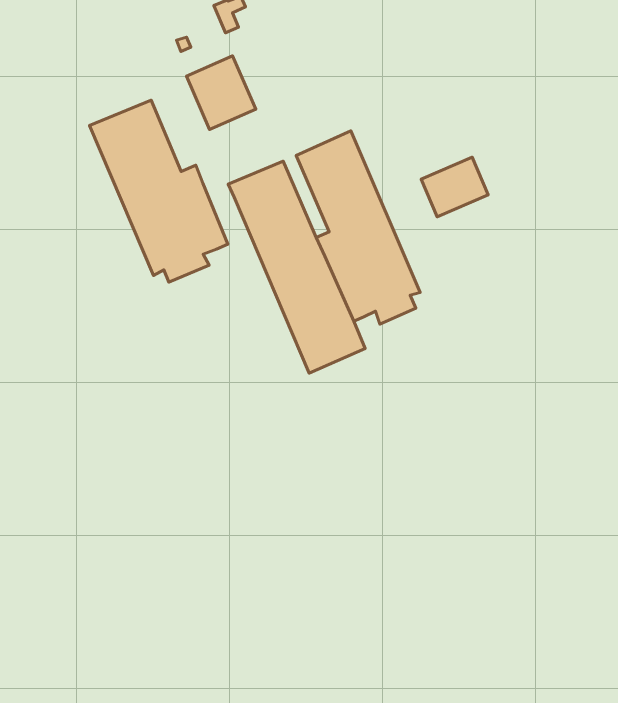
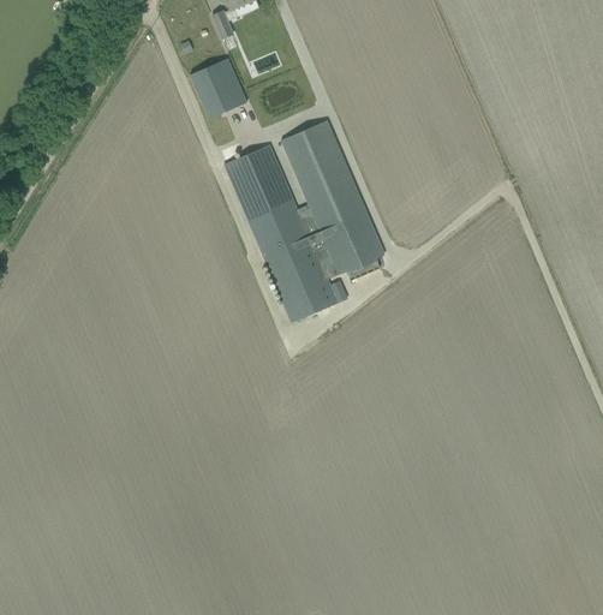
building: [89,100,228,282] -> none
building: [421,157,488,217] -> none

